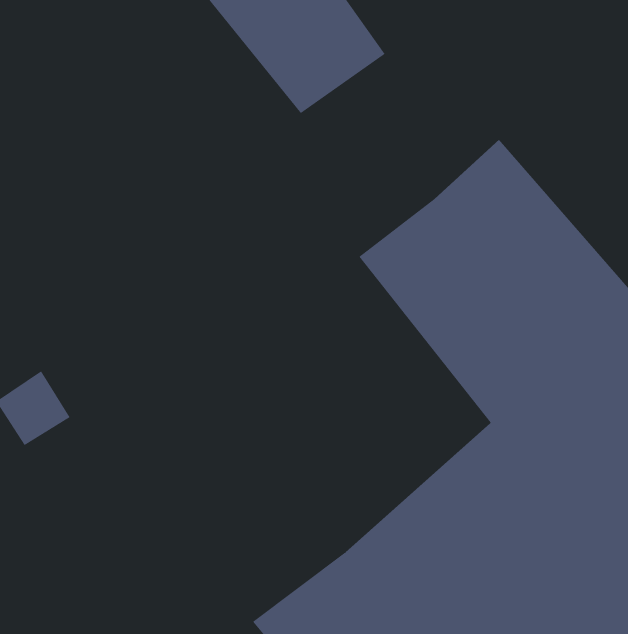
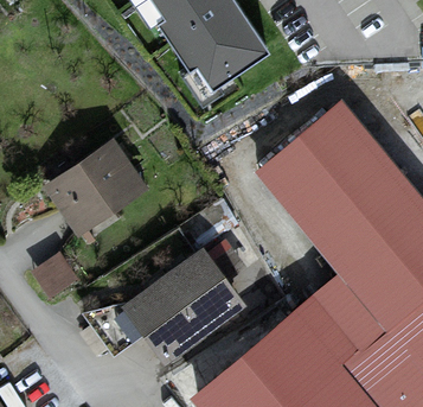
building: none -> [40,141,145,241]
building: none -> [122,248,245,363]

